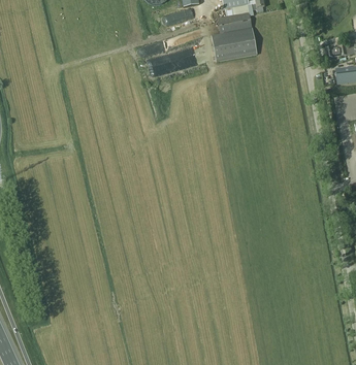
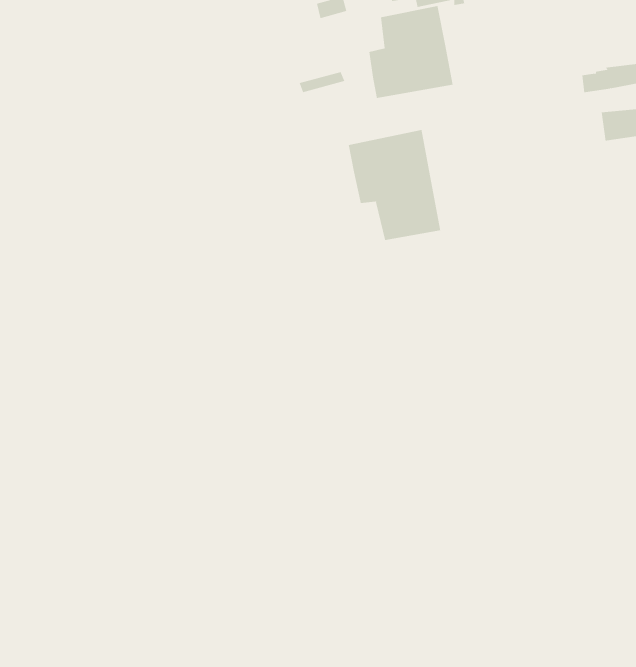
building: none -> [348,129,441,241]

